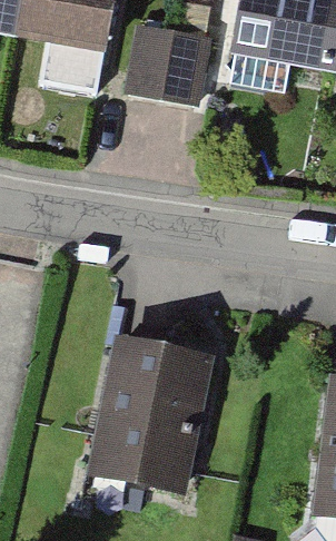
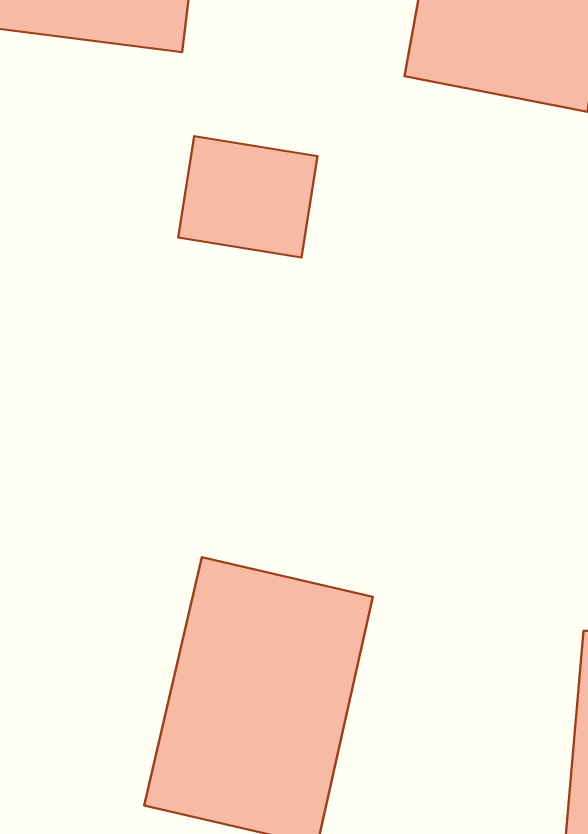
building: [134,33,211,101] -> [178,136,317,257]

